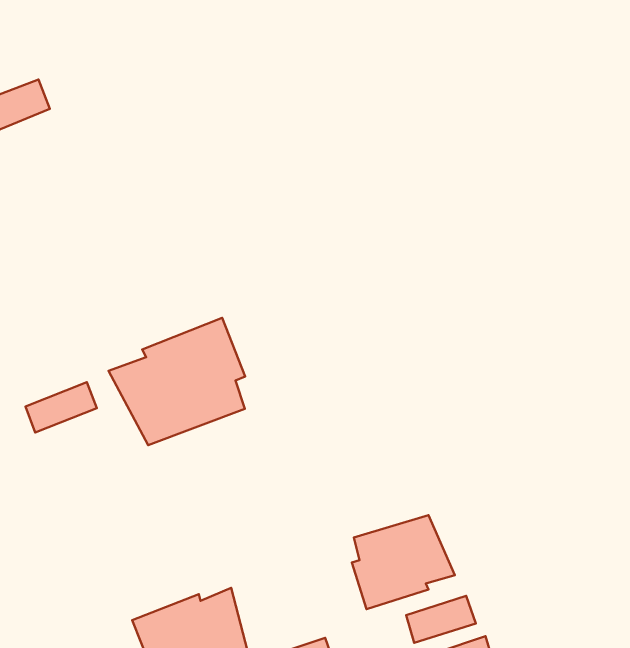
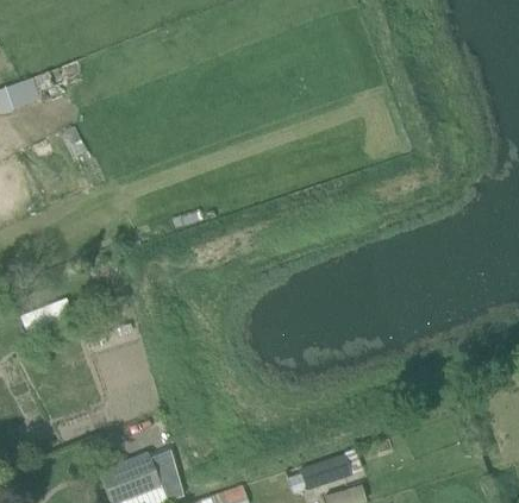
building: [108,318,245,445] -> none
building: [352,515,455,609] -> none

